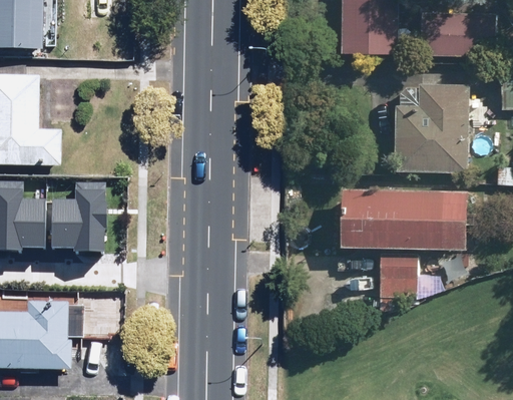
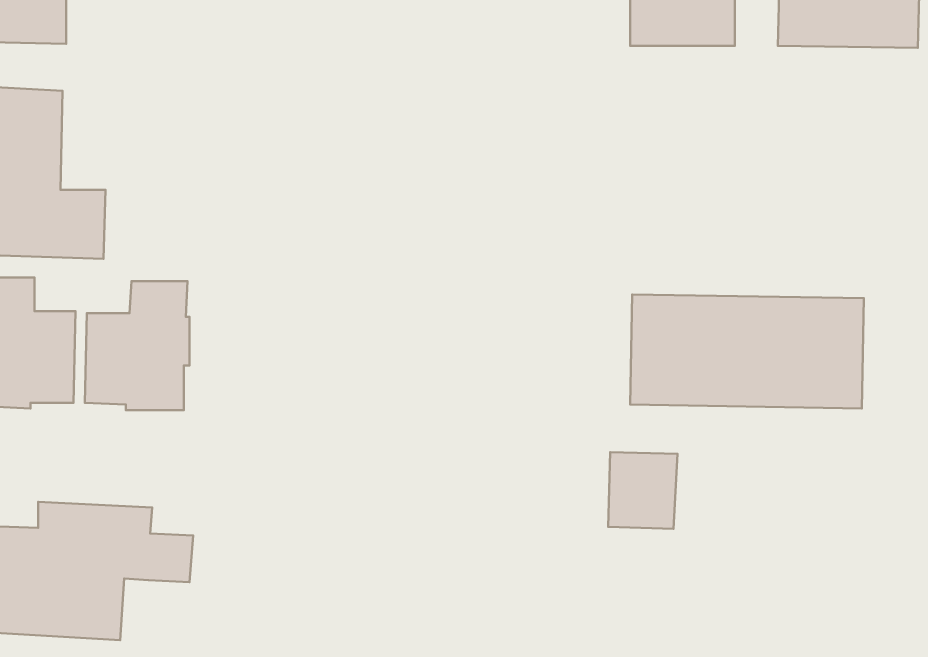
building: [394,83,471,172] -> none
building: [380,255,417,296] -> [608,452,677,529]

